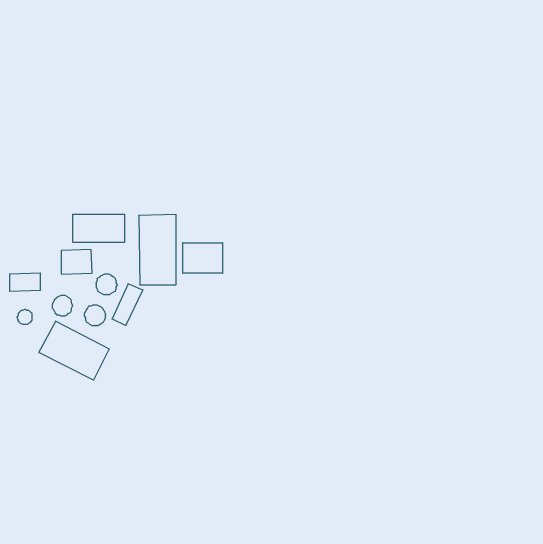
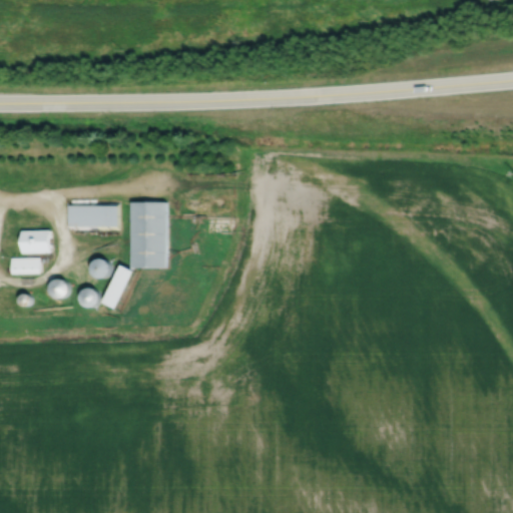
building: [183,243,223,273] -> none
building: [61,250,92,274] -> [20,230,49,253]
building: [39,321,109,380] -> none

